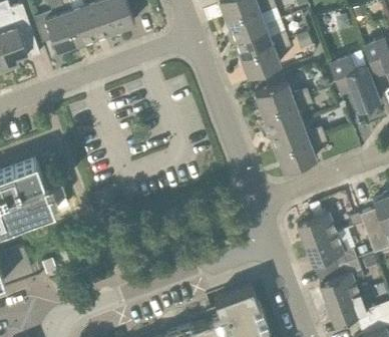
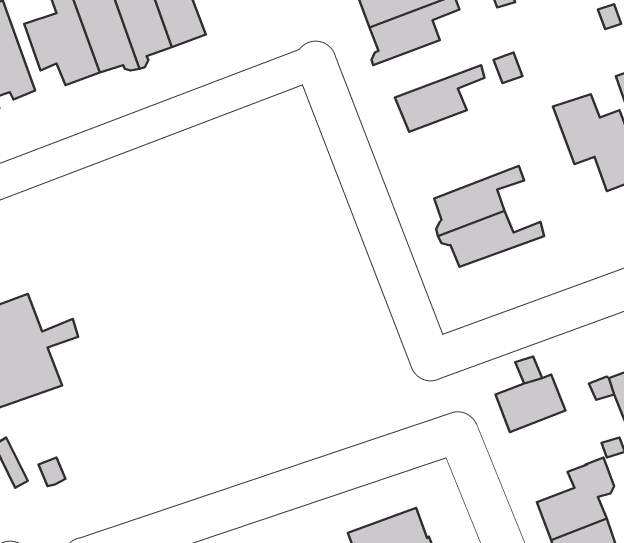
building: [228,25,288,57] -> none
building: [254,81,309,113] -> none
building: [276,134,326,172] -> none
building: [304,232,347,266] -> none

